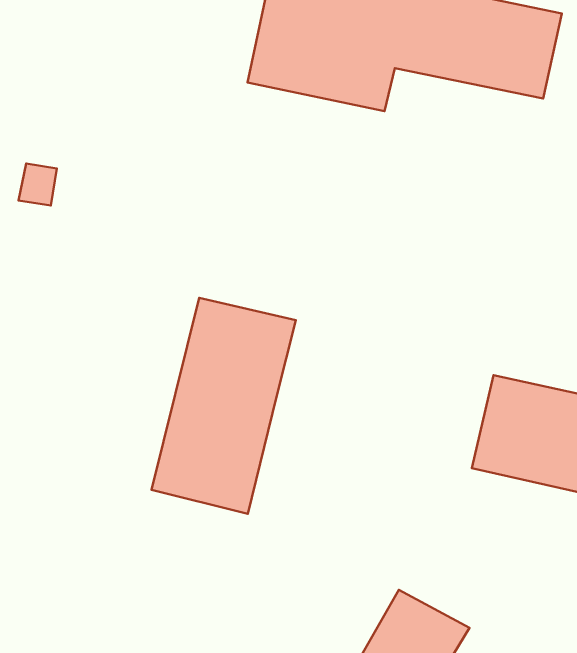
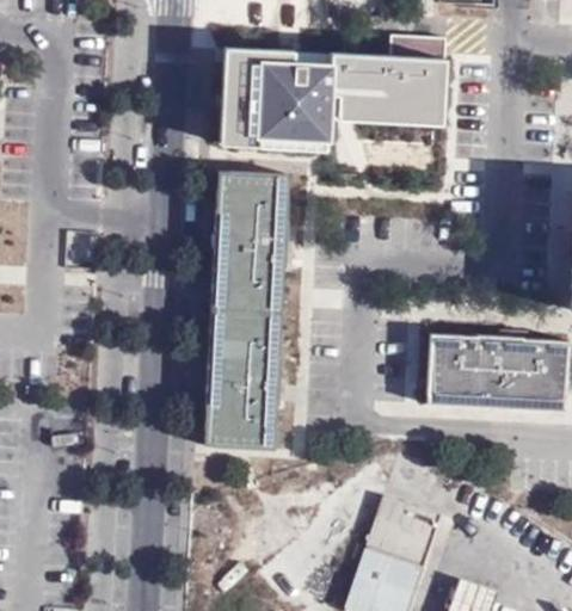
building: none -> [211,183,291,311]

